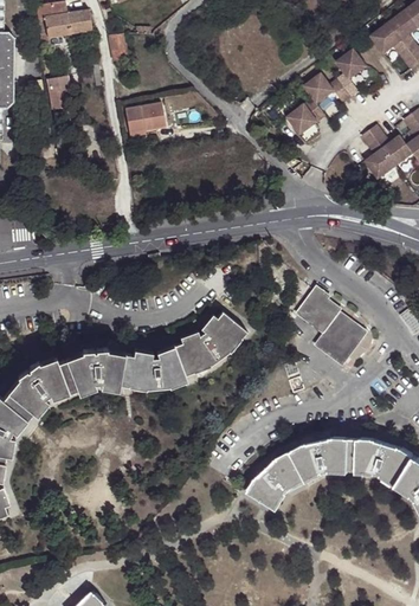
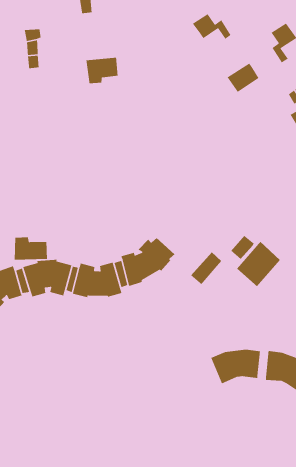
building: [305,77,353,108] -> [192,13,232,40]
building: [292,284,329,324] -> [190,252,222,285]
building: none -> [14,237,48,261]
building: [247,451,307,510] -> none

